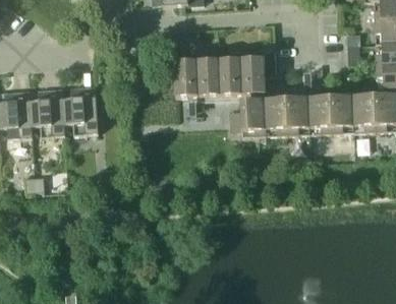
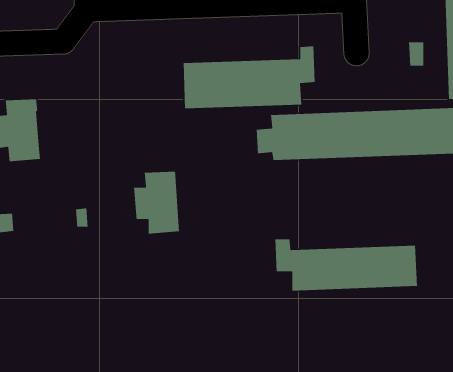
building: [61,85,97,134] -> [133,171,180,235]
building: none -> [275,239,418,291]

